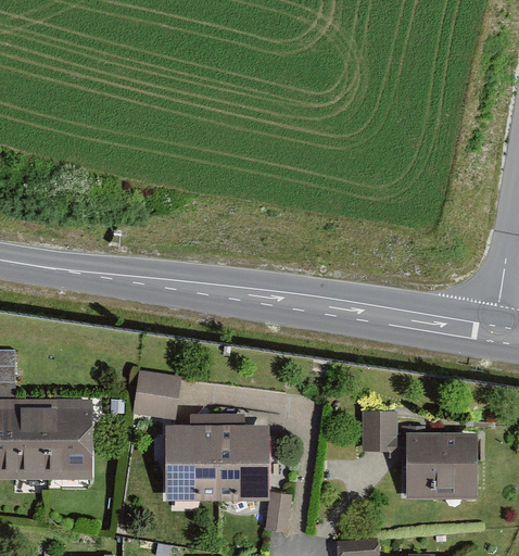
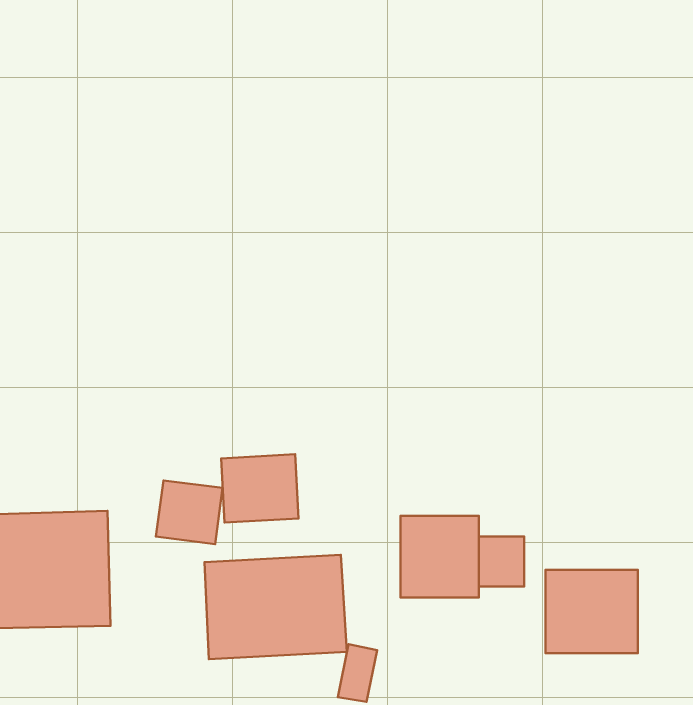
building: none -> [221,454,299,522]
building: none -> [401,516,479,598]

